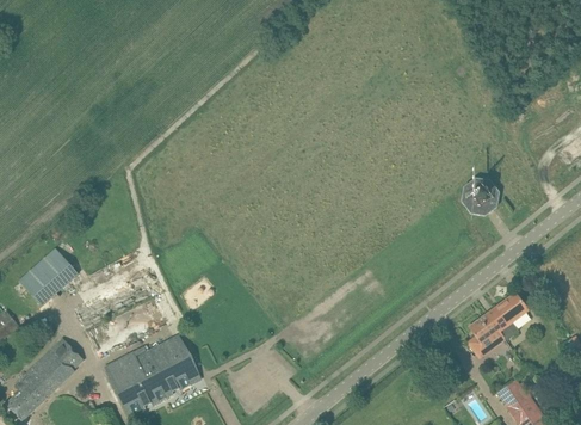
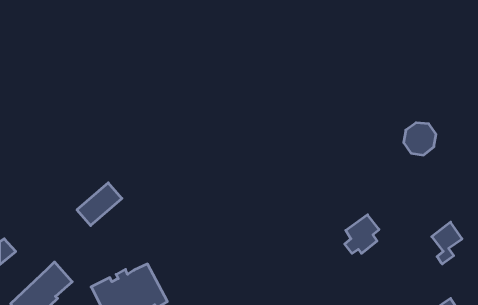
building: [26,255,78,304] -> [77,183,122,226]
building: [468,308,507,352] -> [345,215,379,253]

